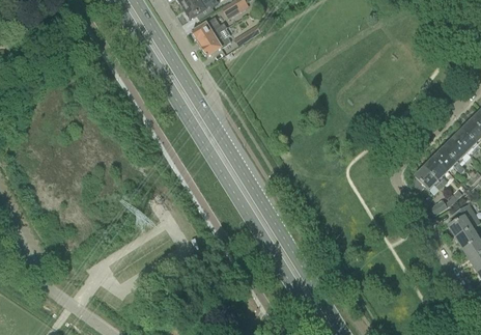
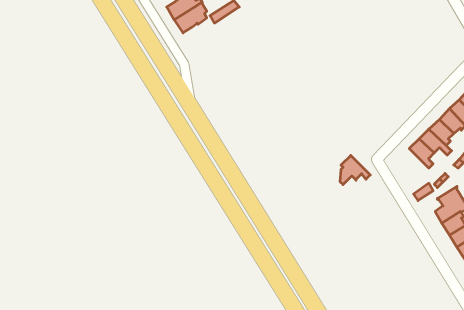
building: [414,165,443,193] -> [340,155,370,185]

